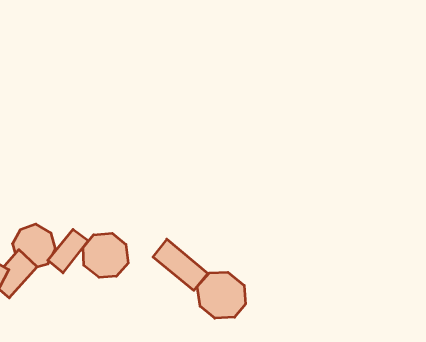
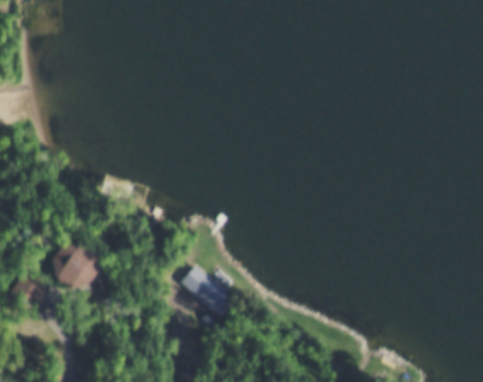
building: [83,233,128,277] -> none
building: [197,272,245,318] -> none

